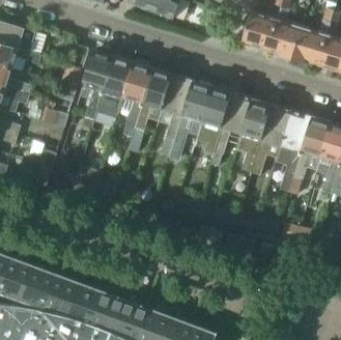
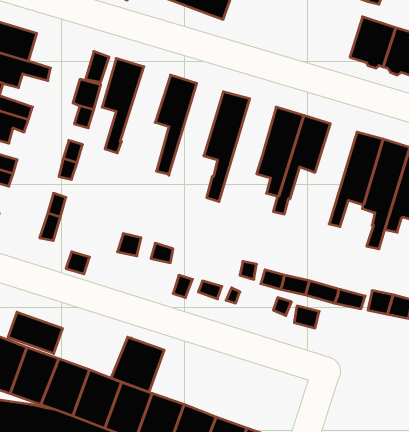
building: [243,10,277,48] -> none
building: [96,55,134,117] -> none
building: [129,67,173,150] -> none
building: [170,79,212,158] -> none
building: [237,97,273,175] -> none
building: none -> [8,312,62,354]
building: none -> [111,337,164,392]

